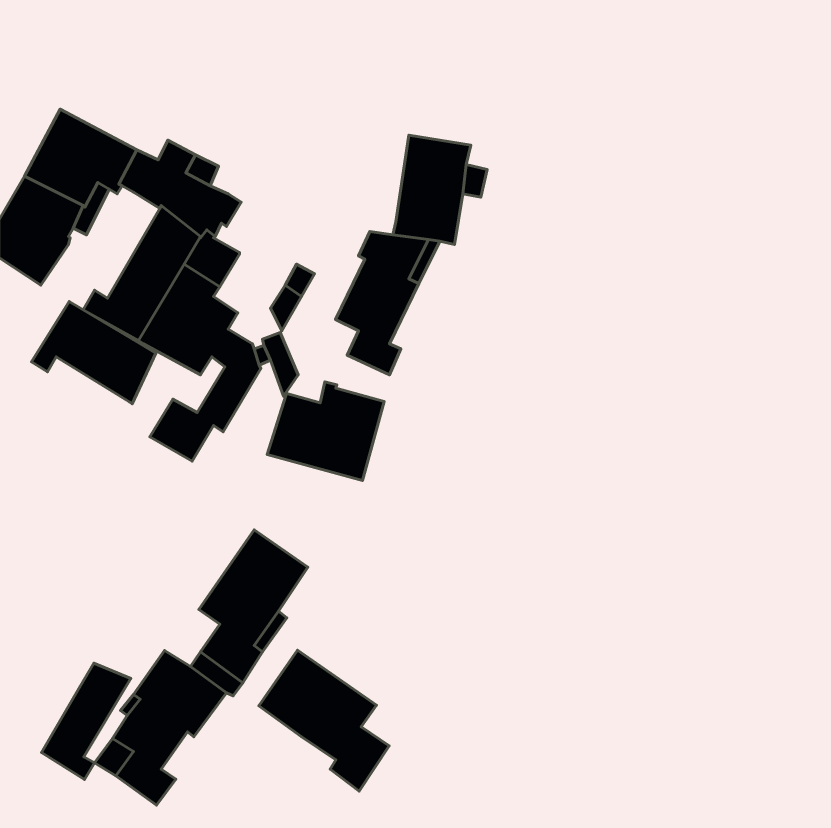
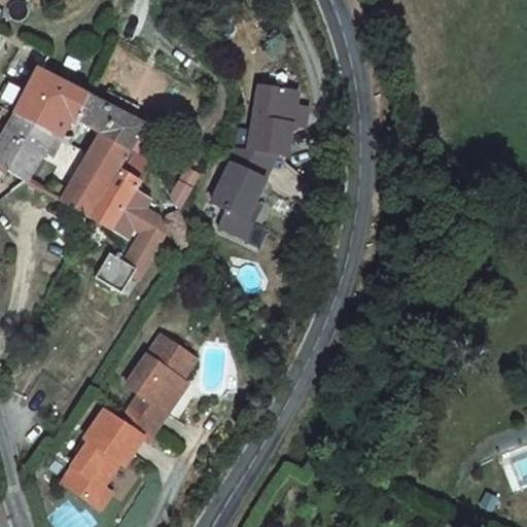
building: [32,301,156,404] -> none
building: [267,382,384,480] -> none
building: [259,650,389,791] -> none
building: [41,663,131,779] -> none

